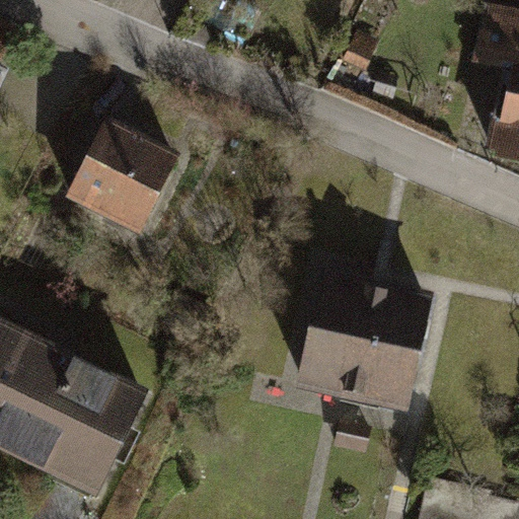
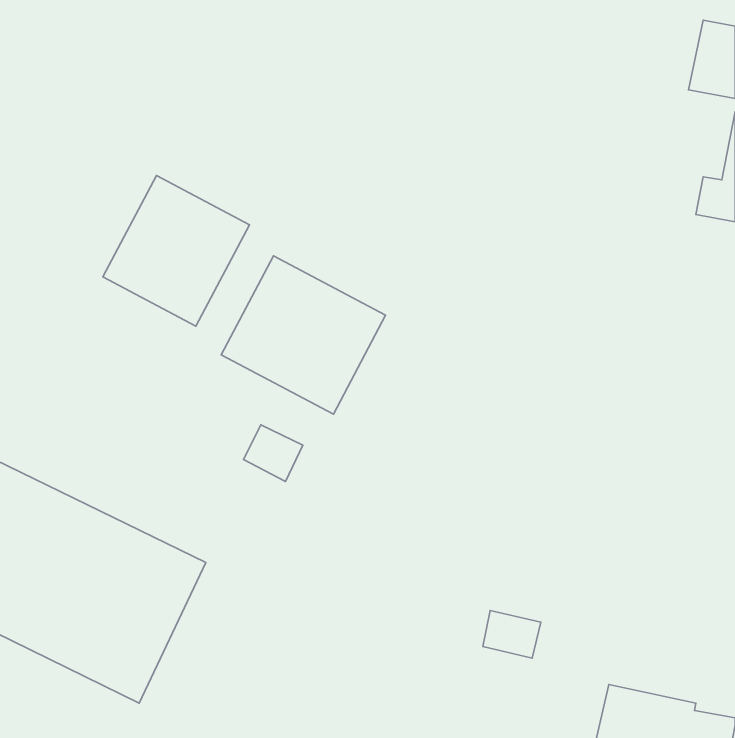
building: none -> [221,256,386,414]
building: [300,282,425,406] -> none

